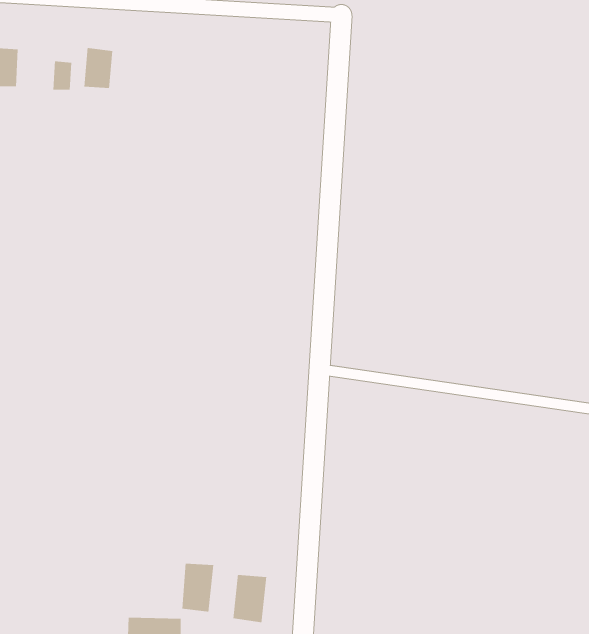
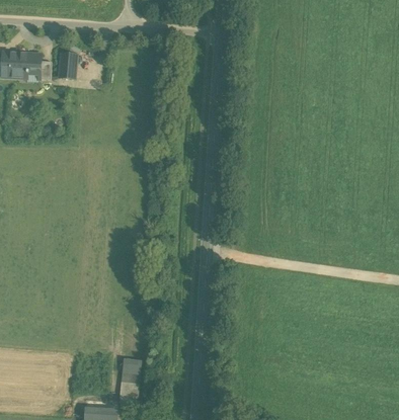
building: none -> [16,53,39,78]
building: [233,574,267,623] -> none

